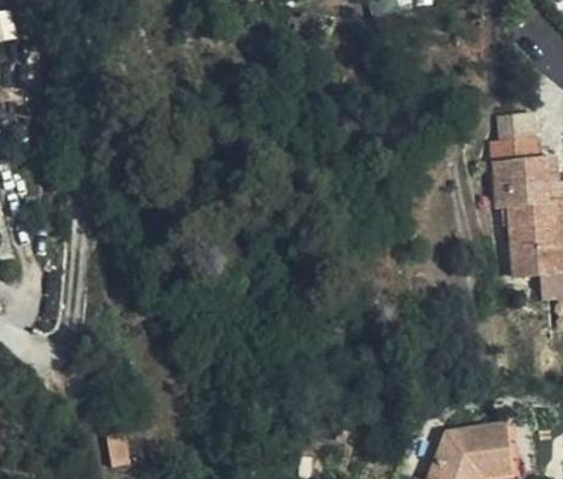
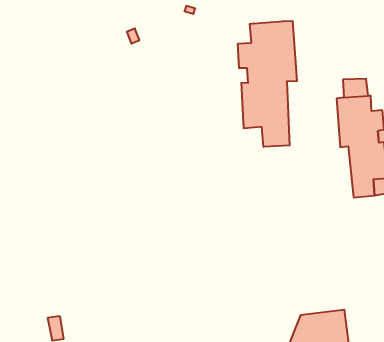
building: none -> [238,21,297,147]

